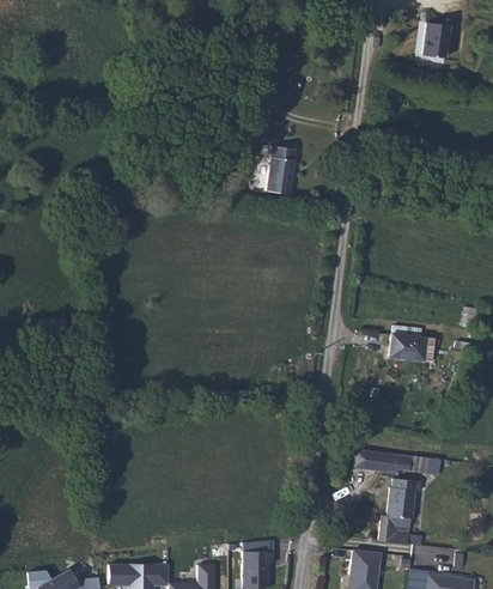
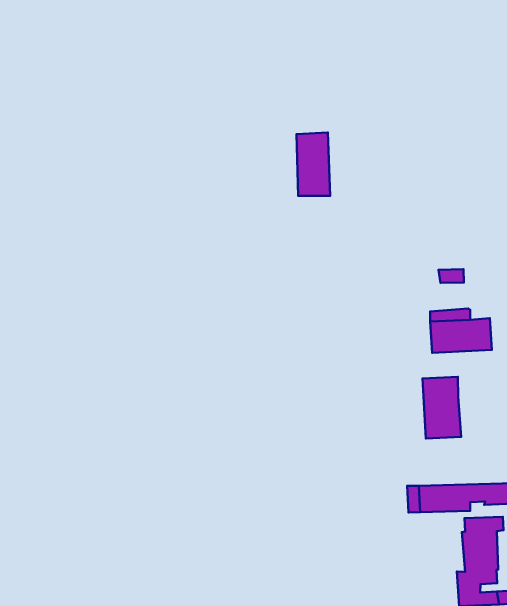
building: [267,147,296,195] -> [296,132,330,196]
building: none -> [422,377,461,438]

